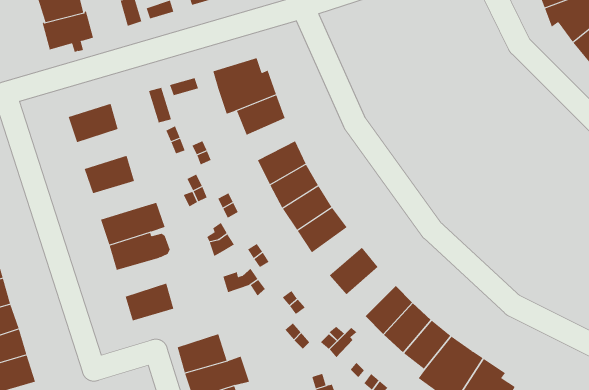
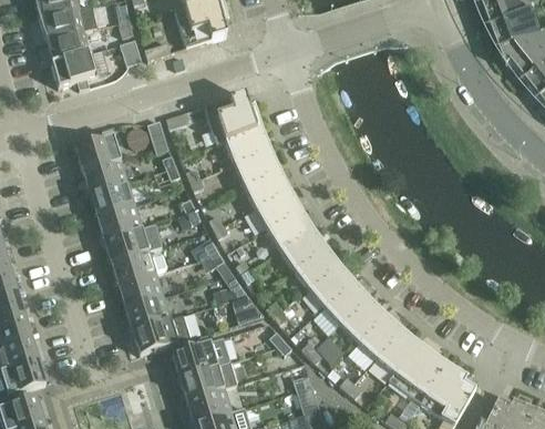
building: none -> [234,147,278,185]
building: none -> [82,157,127,193]
building: none -> [96,204,142,238]
building: none -> [292,245,338,288]
building: none -> [117,273,163,307]
building: none -> [323,280,368,325]
building: none -> [132,314,191,354]

